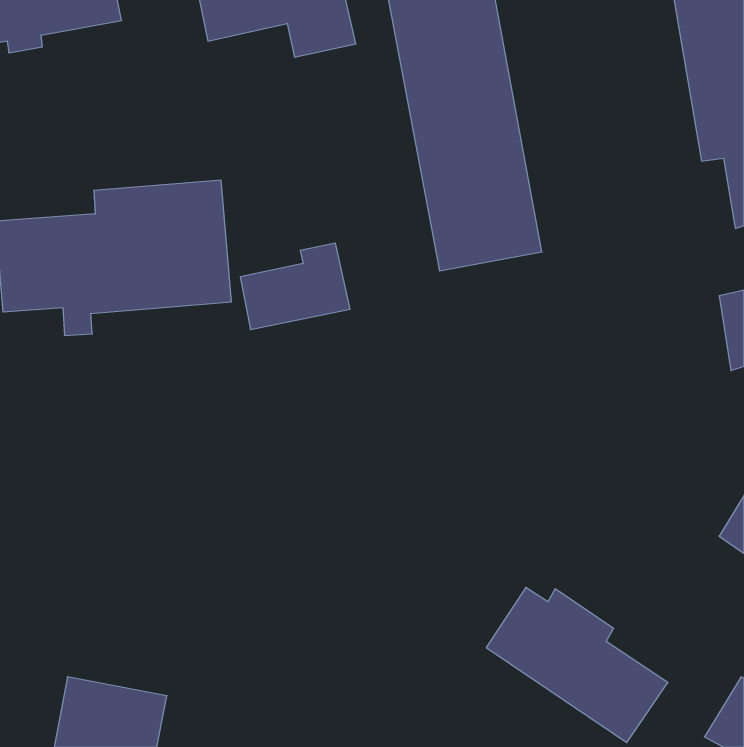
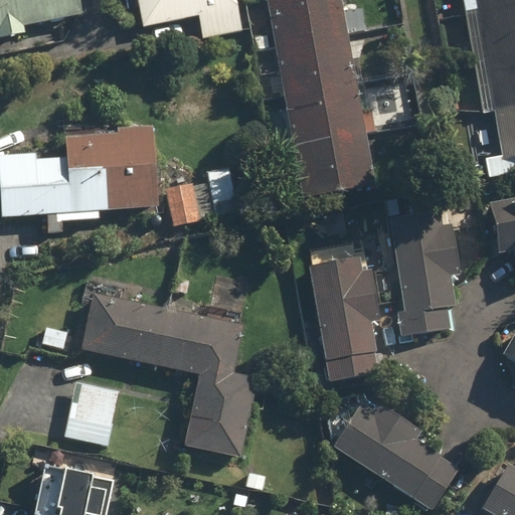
building: none -> [391,221,461,336]
building: none -> [310,256,381,381]
building: none -> [80,293,259,457]
building: none -> [64,380,118,446]

